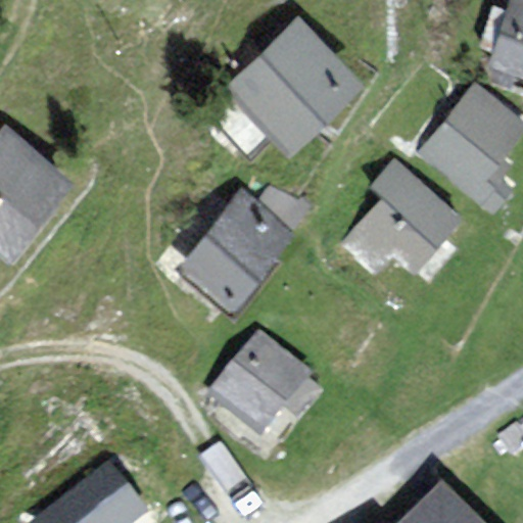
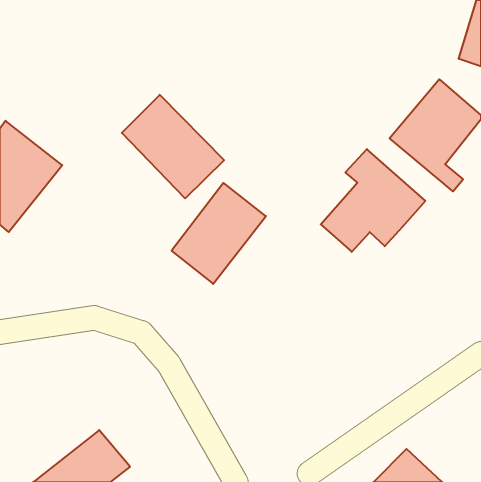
building: [234,25,358,147] -> none
building: none -> [122,95,224,198]
building: [211,335,306,432] -> none

